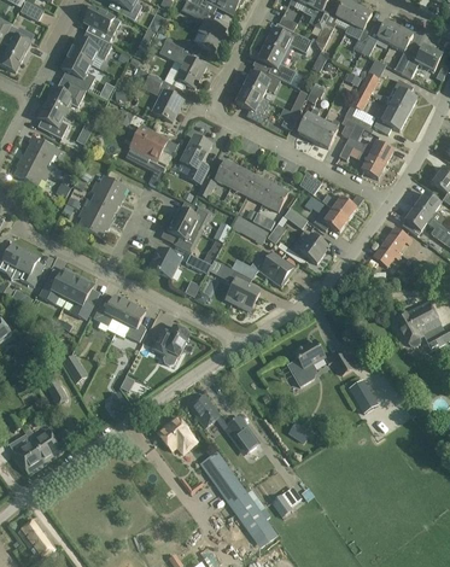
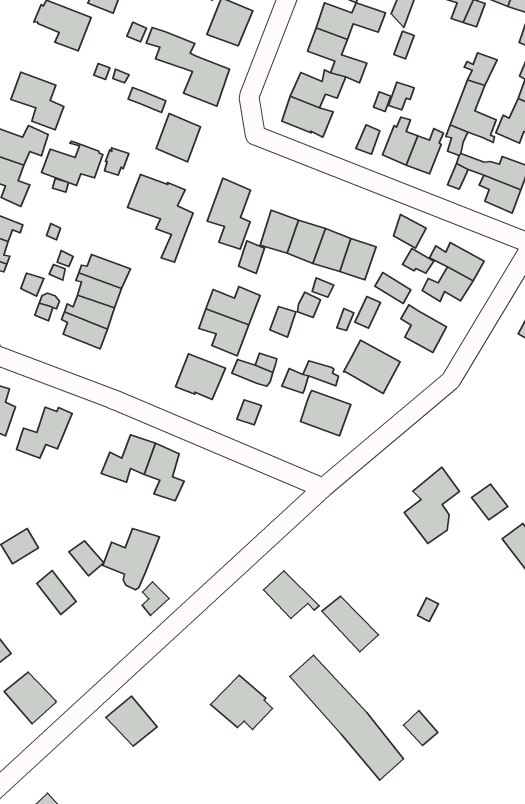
building: [70,34,111,63] -> [42,141,103,185]
building: [66,276,93,318] -> none
building: [151,325,189,364] -> [103,529,159,590]
building: [157,415,197,451] -> [211,675,273,730]
building: [31,428,64,461] -> [106,696,157,746]

